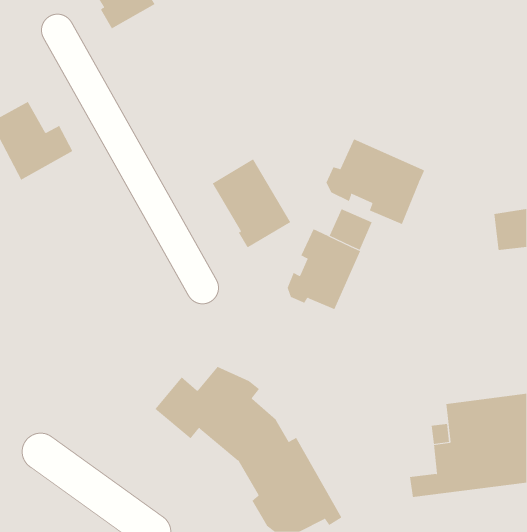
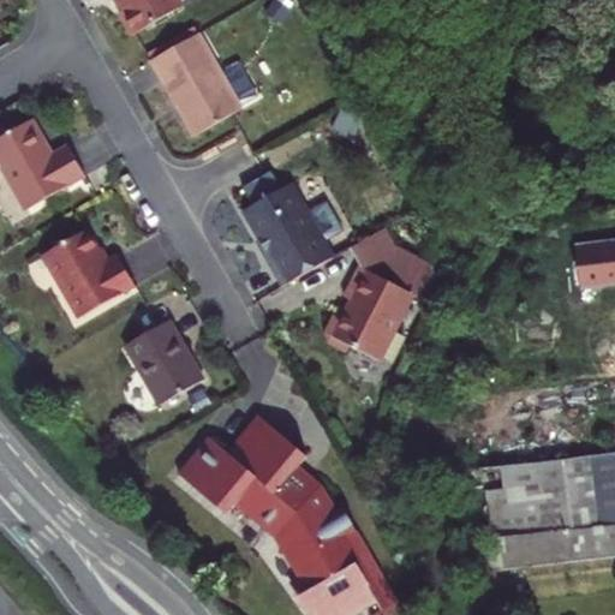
building: none -> [149,30,239,133]
building: [326,139,425,225] -> none
building: none -> [41,228,133,317]
building: none -> [126,318,203,404]

